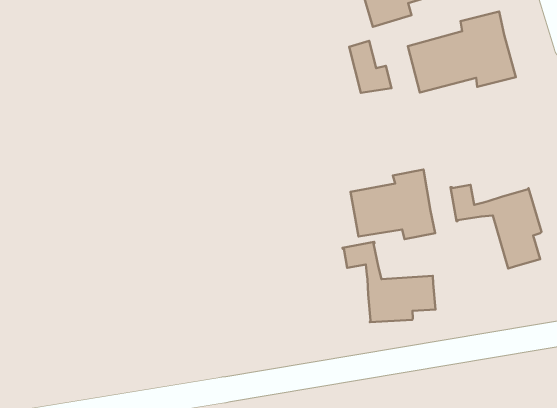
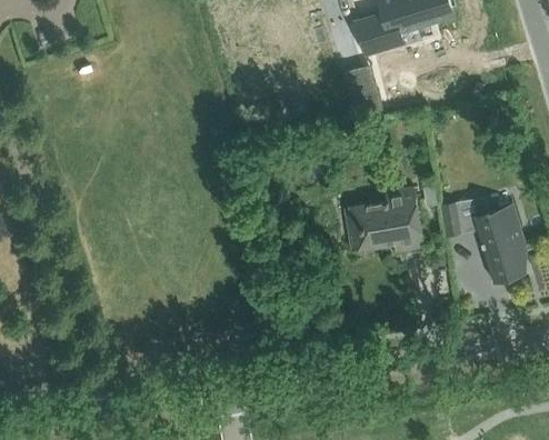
building: [408,11,516,92] -> none
building: [342,242,435,322] -> none

